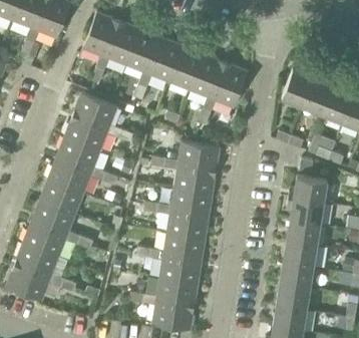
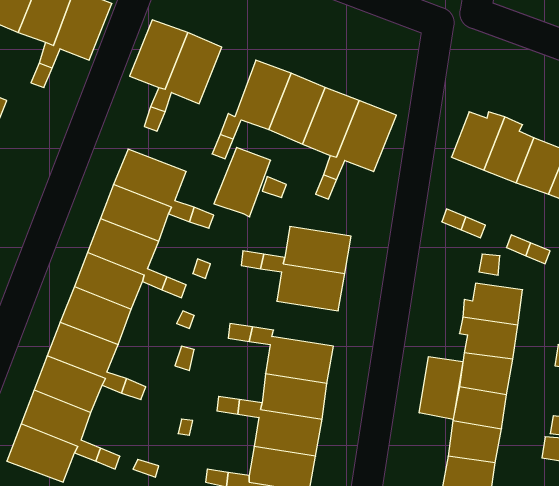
building: [125,31,160,74] -> [214,147,271,217]
building: [170,189,212,217] -> none
building: none -> [419,357,463,420]

